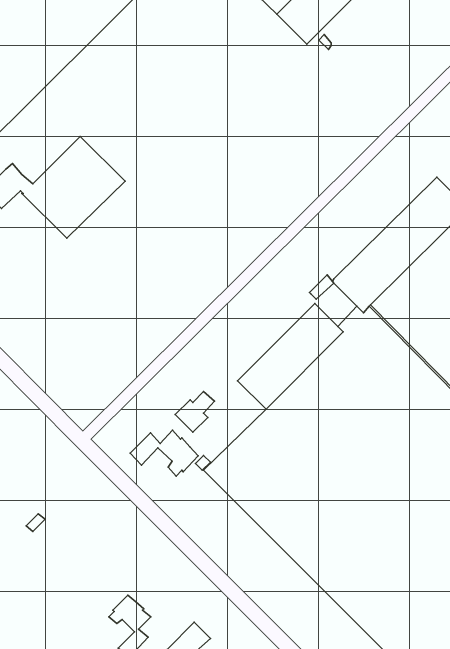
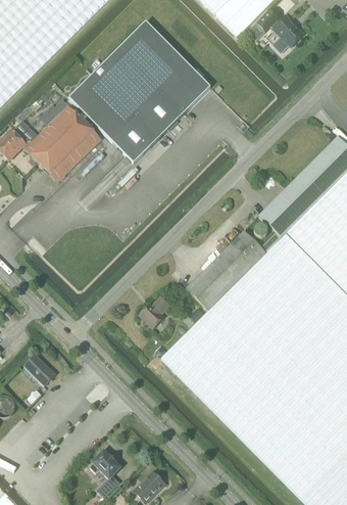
building: none -> [255,10,303,51]
building: none -> [68,21,210,164]
building: [130,430,198,476] -> none
building: none -> [21,355,55,385]

